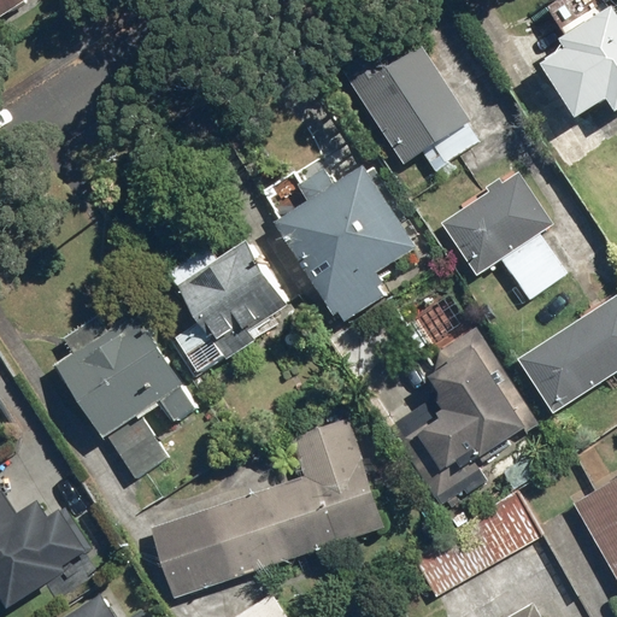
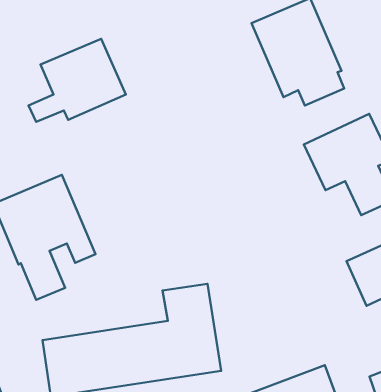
building: [274,165,416,323] -> none
building: [170,240,290,359] -> [29,39,126,122]
building: [390,327,536,505] -> none

